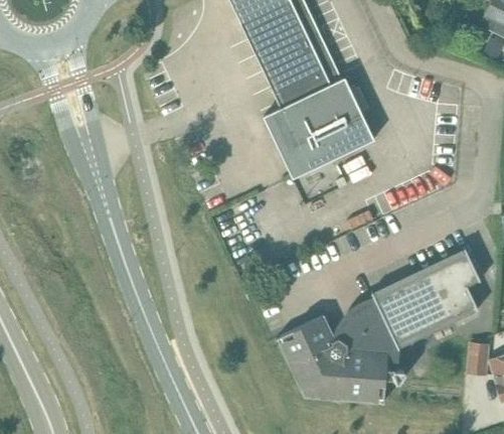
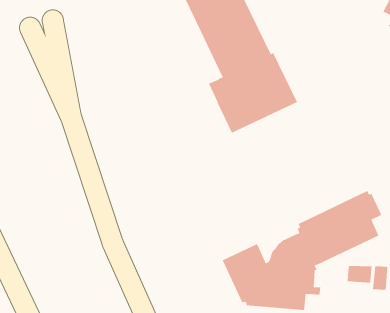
building: none -> [347,265,372,284]

